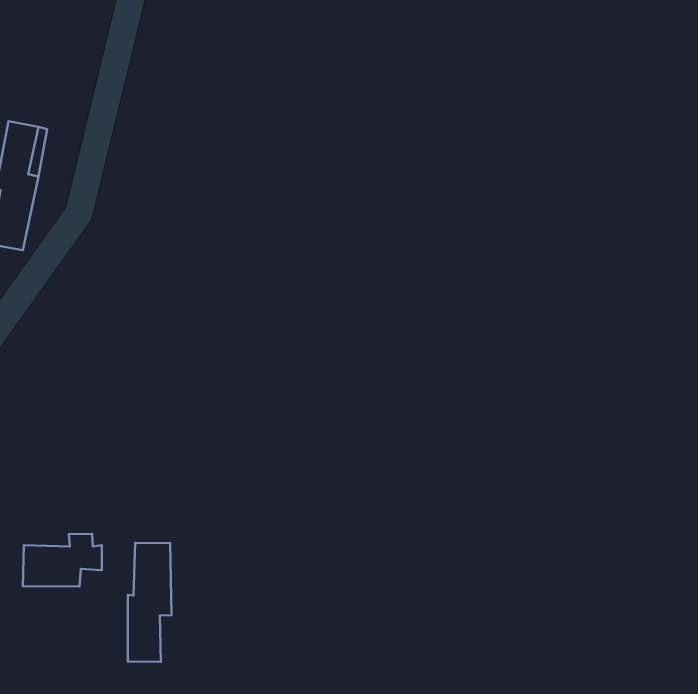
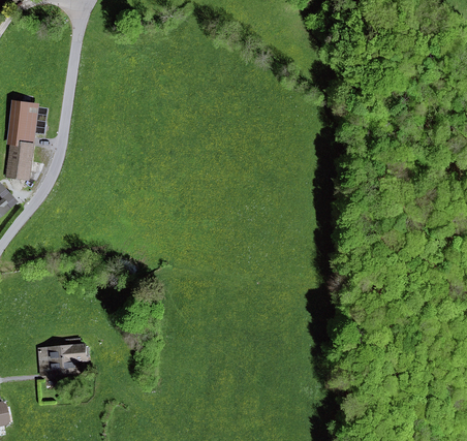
building: [128,543,171,662] -> none

